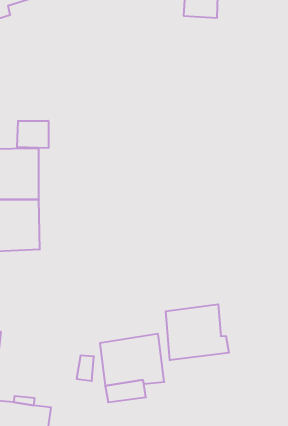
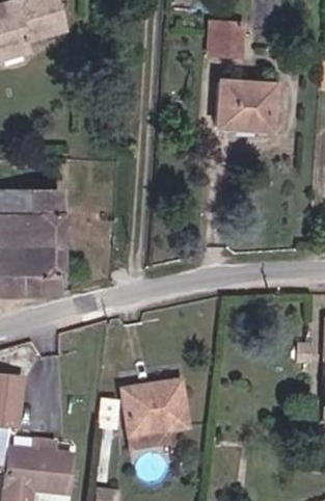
building: none -> [214,80,271,130]
building: [17,121,48,148] -> none
building: [166,304,229,360] -> none

